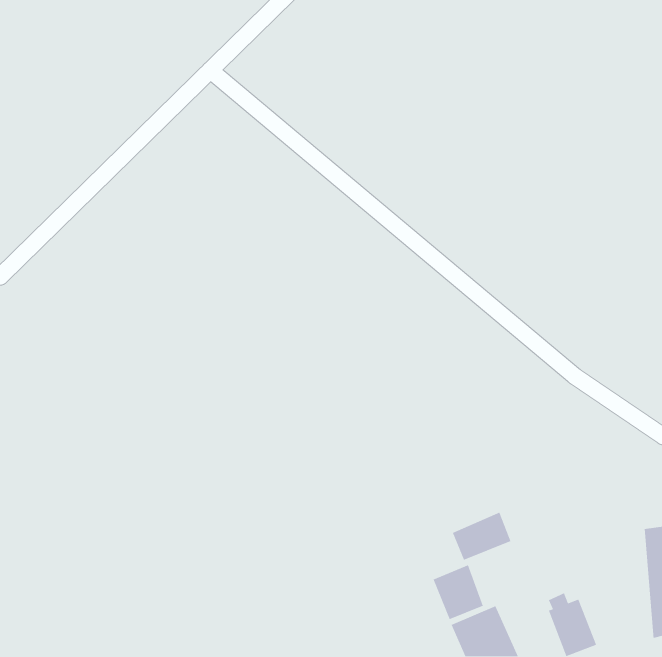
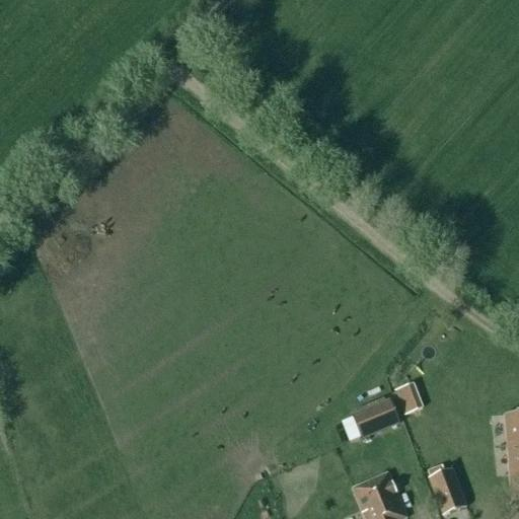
building: none -> [396,381,424,413]
building: [432,564,484,620] -> none

